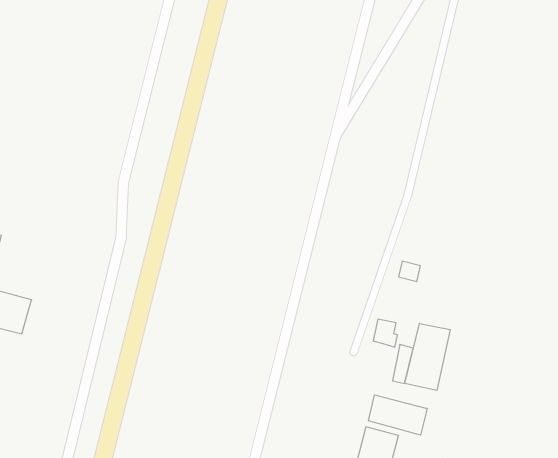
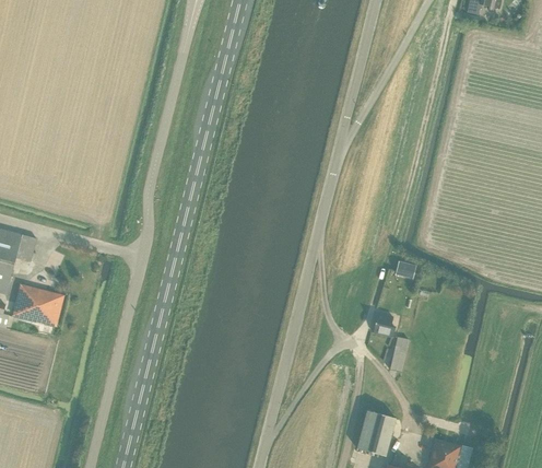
building: [405,323,450,390] -> none
building: [368,395,427,435] -> none

